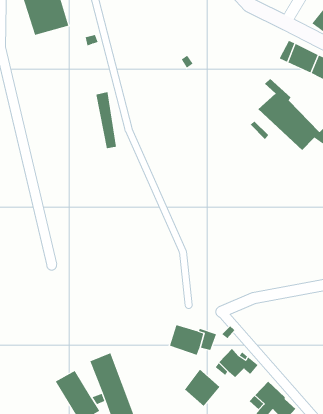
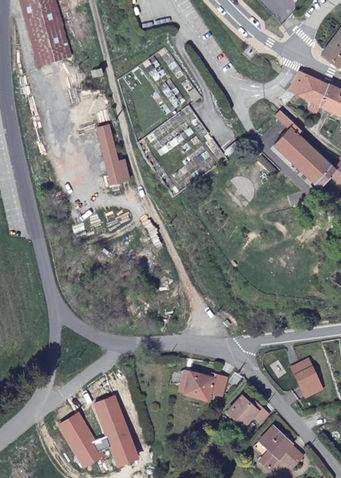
building: none -> [291,359,323,394]
building: [184,369,220,407] -> none

